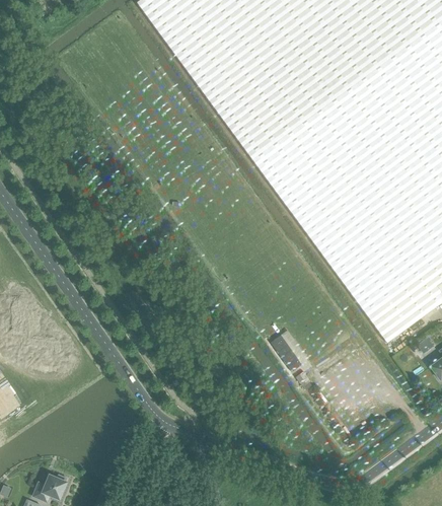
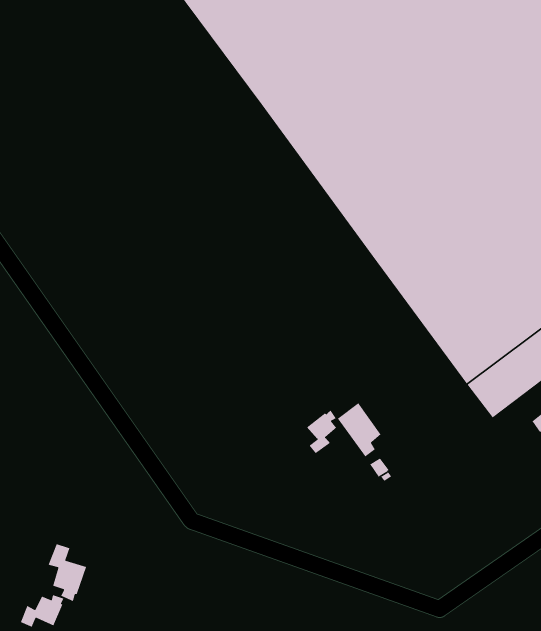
building: none -> [306,409,337,454]
building: none -> [48,543,87,602]

